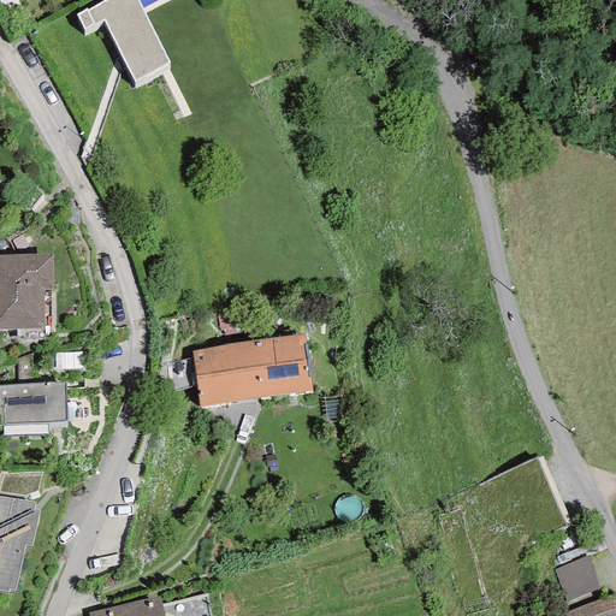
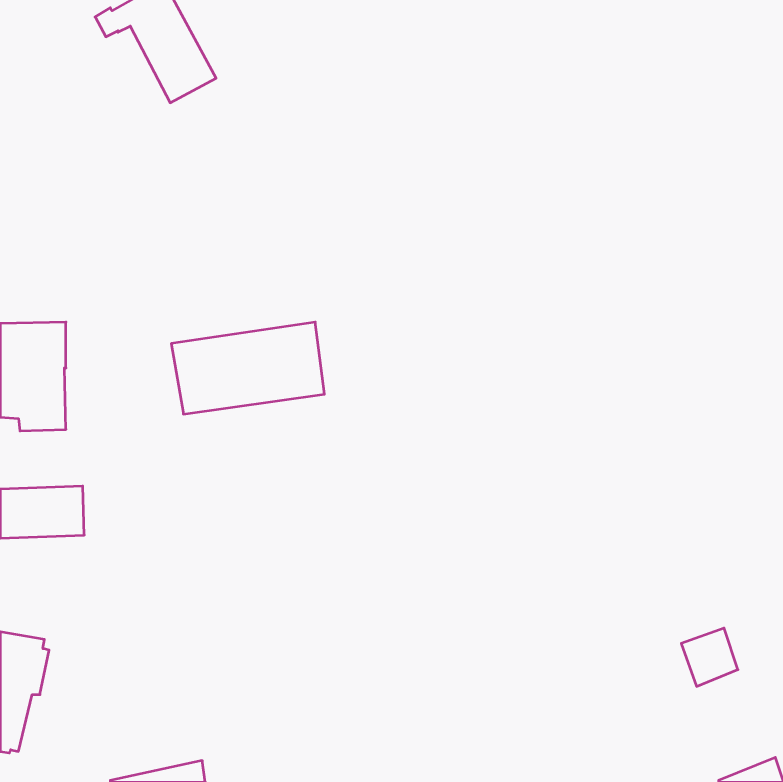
building: [190,333,310,405] -> [171,322,324,414]
building: [555,556,599,602] -> [681,628,738,686]

